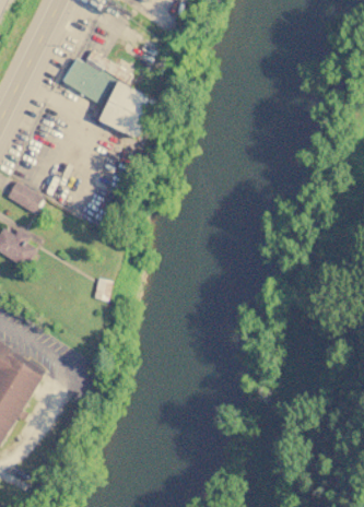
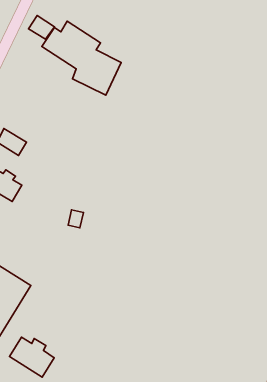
building: none -> [29,16,54,39]
building: none -> [9,337,54,377]

